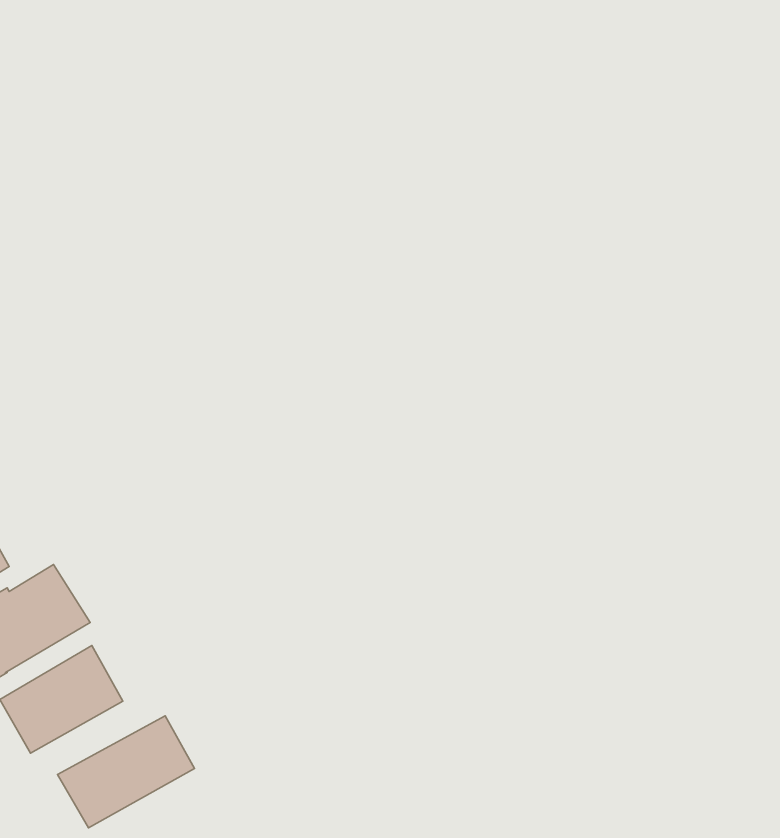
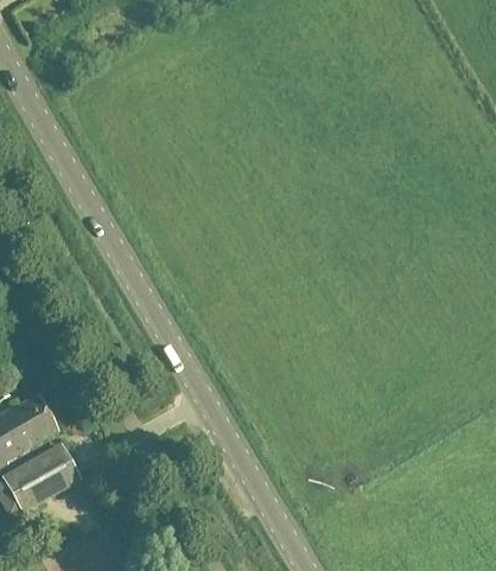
building: [58,716,194,828] -> none

